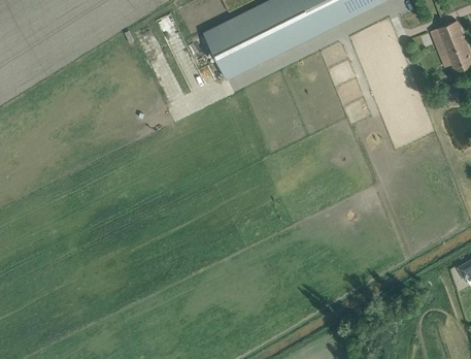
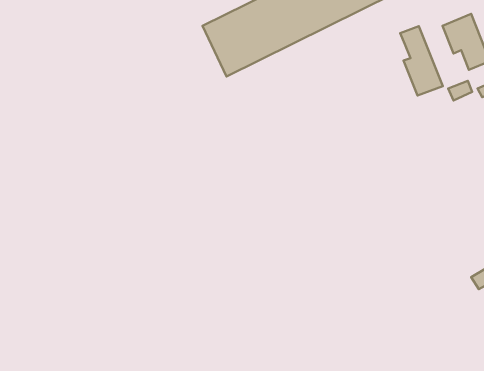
building: none -> [400,26,443,95]

